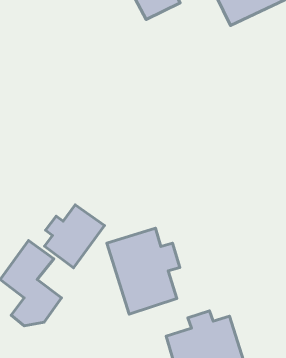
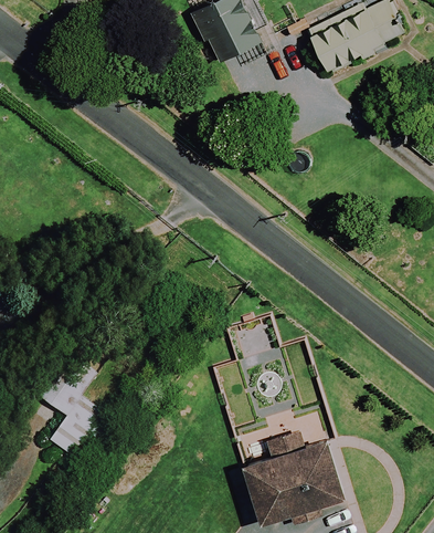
building: [44,205,105,268] -> none
building: [107,228,180,314] -> none

